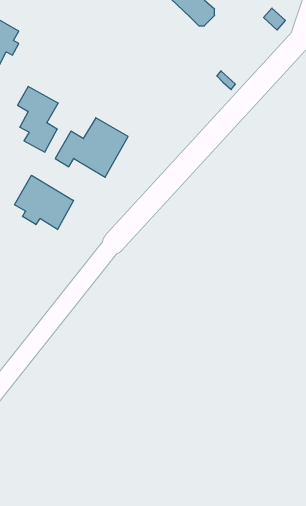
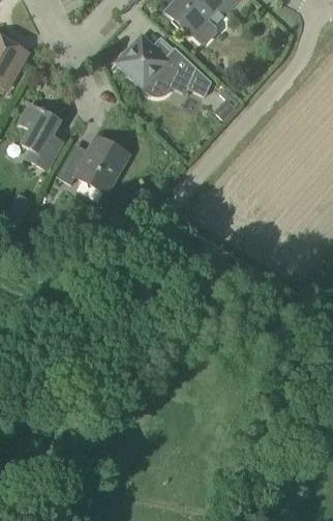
building: none -> [117,34,194,96]
building: [15,175,74,230] -> none

